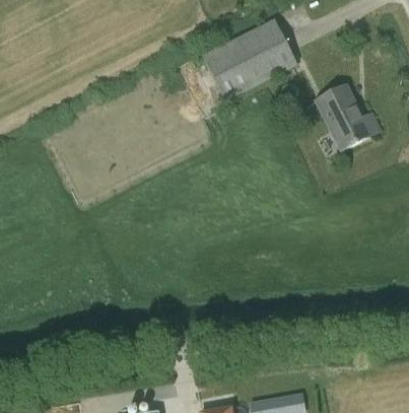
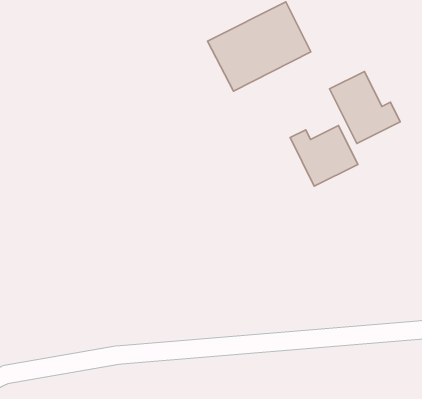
building: none -> [290,126,358,186]

